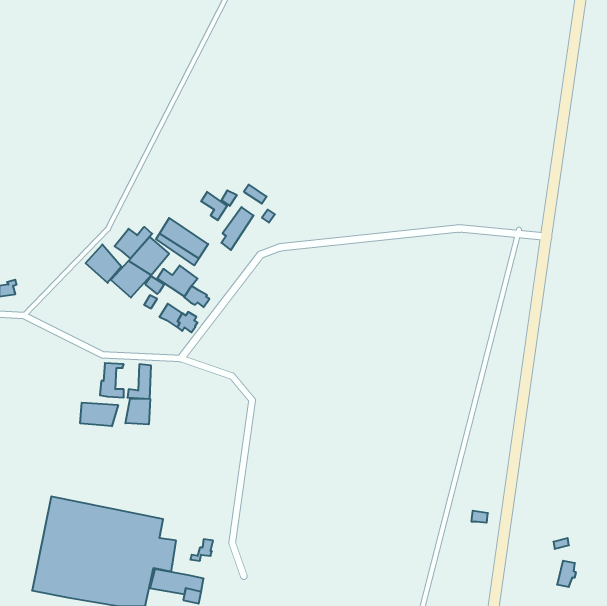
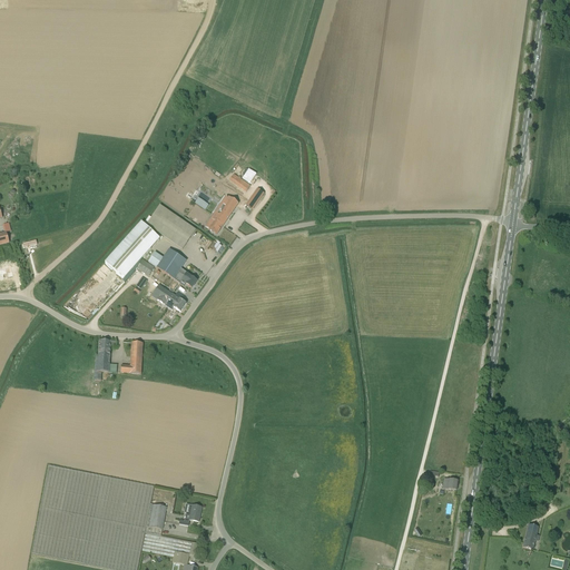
building: [115,227,152,259] -> none
building: [86,244,121,283] -> none
building: [125,398,150,424] -> none
building: [80,403,118,426] -> none

